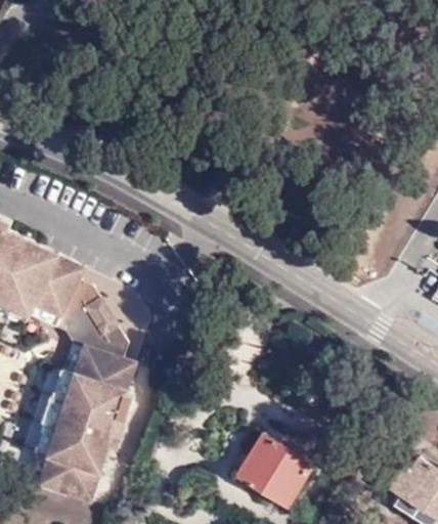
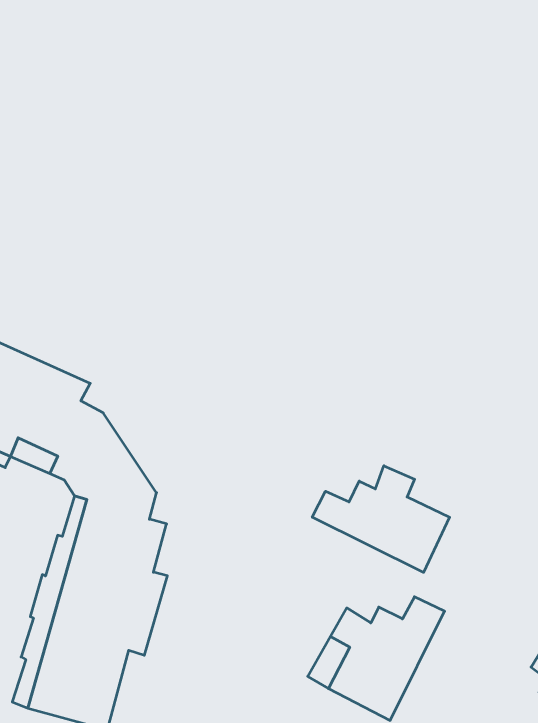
building: none -> [312,466,450,572]

